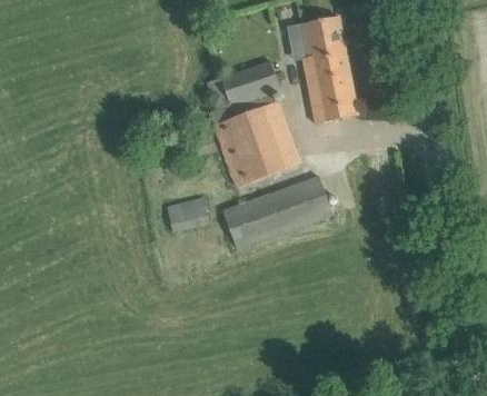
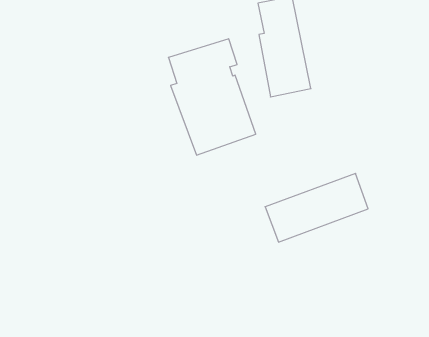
building: [222,176,332,249] -> [265,173,368,242]
building: [167,196,208,231] -> none

